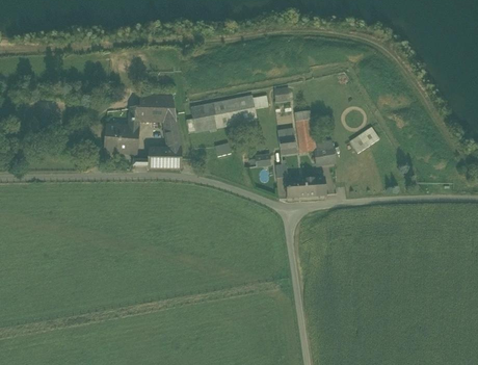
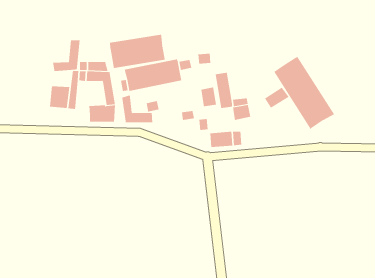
building: none -> [109,34,166,69]
building: none -> [52,39,80,72]
building: none -> [273,56,335,130]
building: none -> [122,94,153,123]

